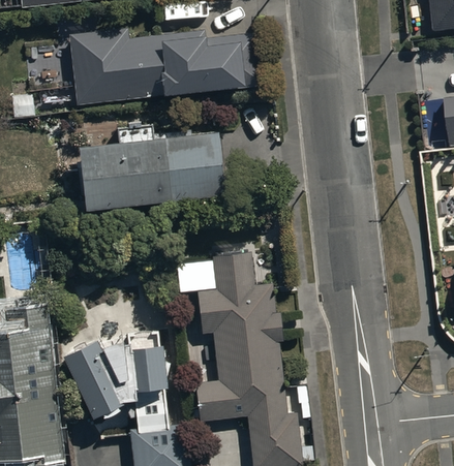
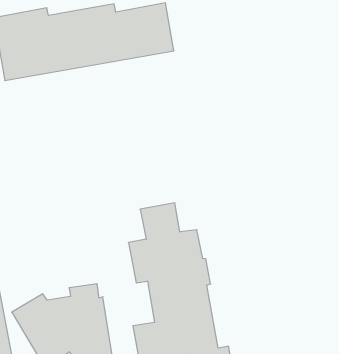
building: [80,127,221,210] -> none

